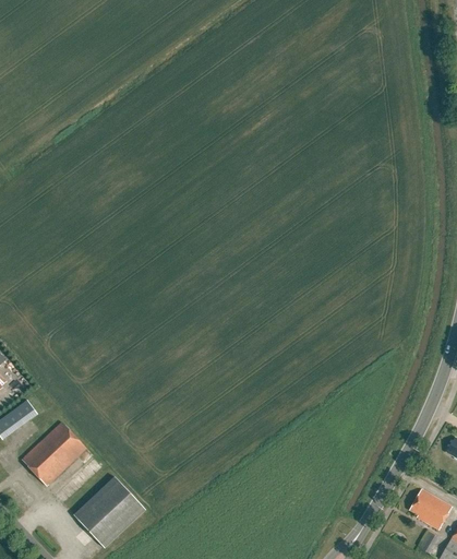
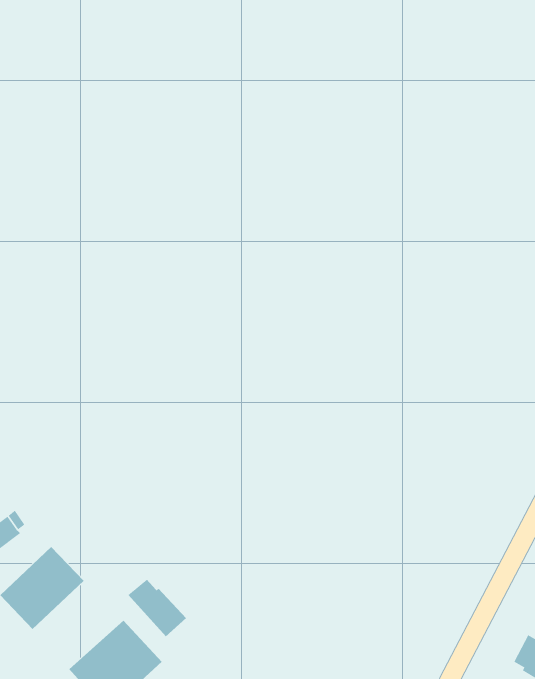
building: none -> [127,579,187,637]

